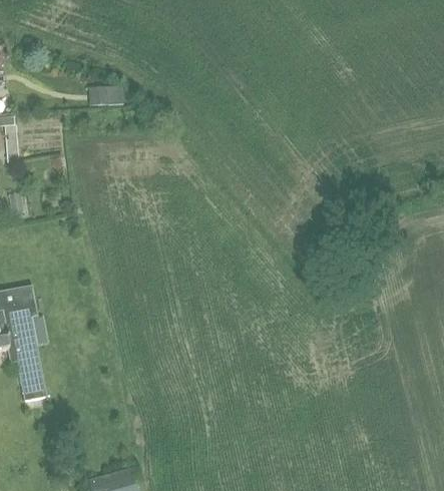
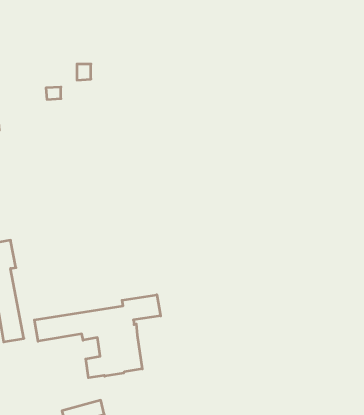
building: none -> [34,295,161,378]

